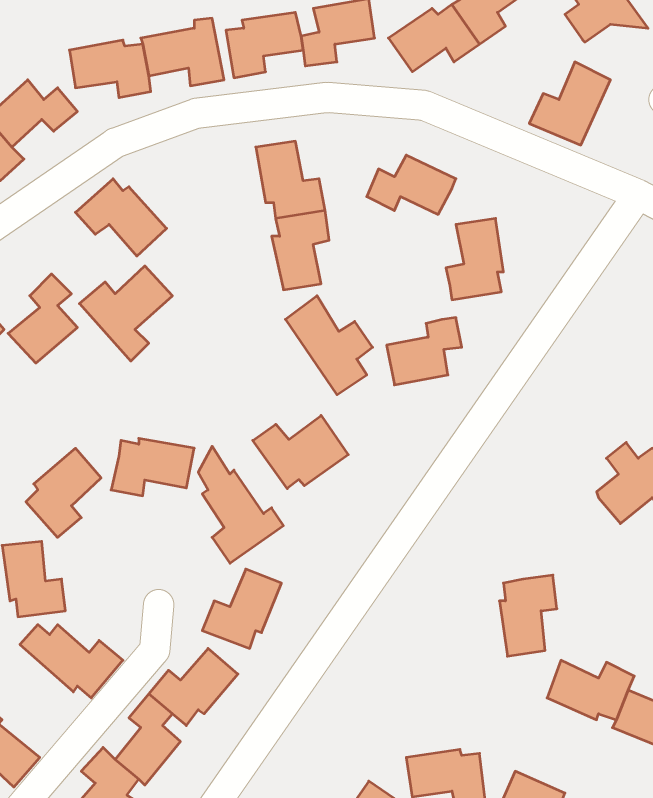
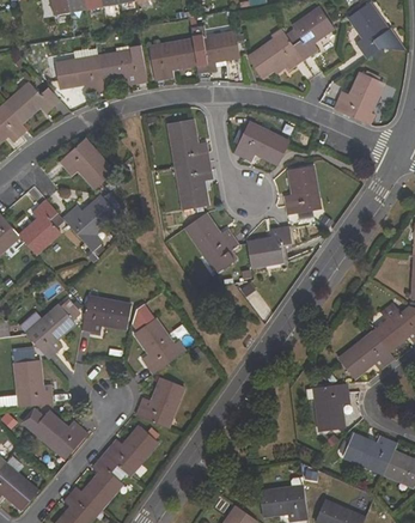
building: [253,415,348,489] -> none
building: none -> [338,334,393,376]

